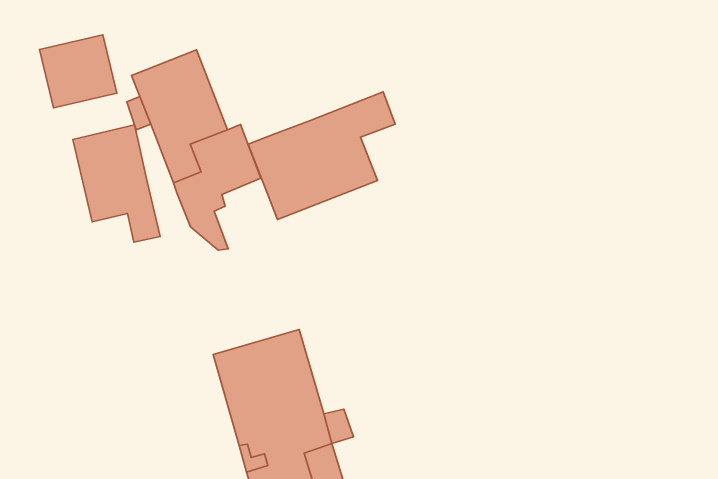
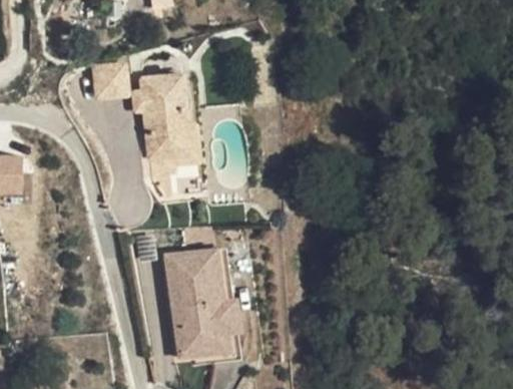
building: [248,92,395,220] -> none
building: [73,125,160,242] -> none

